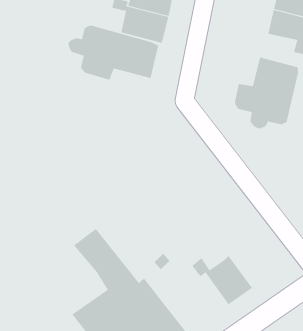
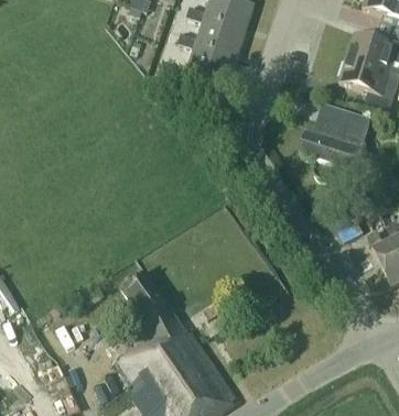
building: [68,25,159,81] -> none
building: [191,255,253,305] -> none

